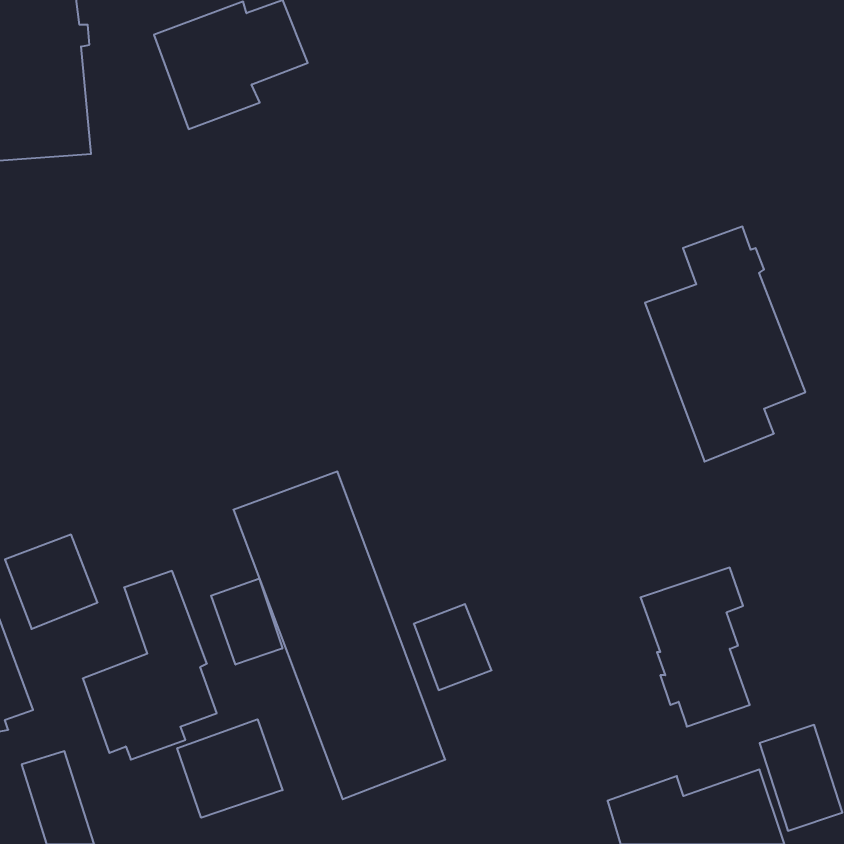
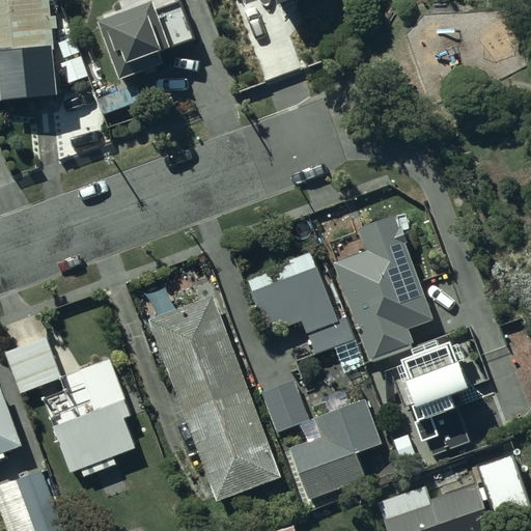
building: [645,227,805,462] -> [332,215,432,362]
building: none -> [250,267,354,355]
building: [211,579,282,665] -> none
building: none -> [288,398,380,499]
building: [177,719,283,818] -> none

